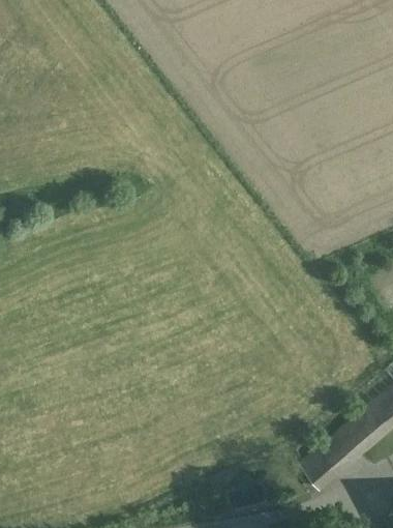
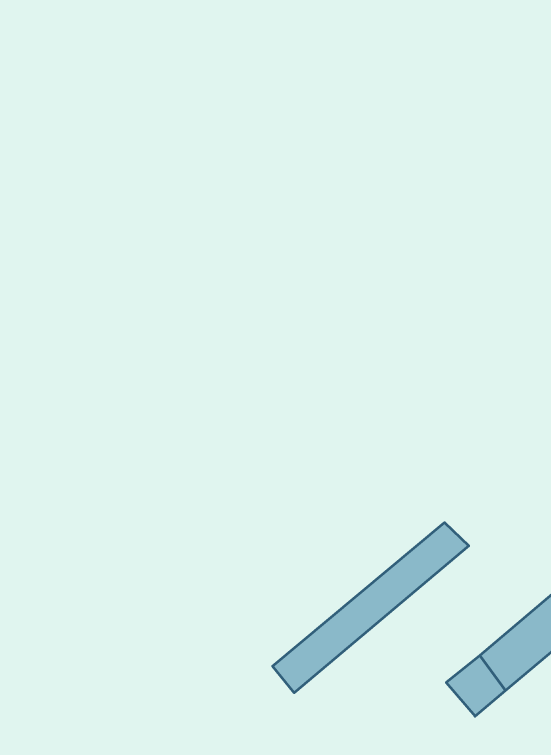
building: none -> [273,523,469,693]

